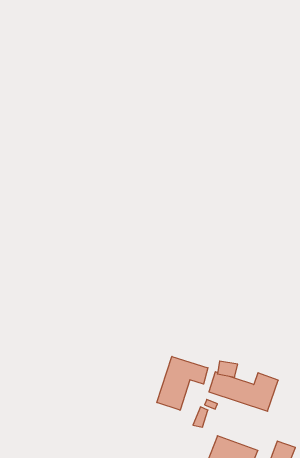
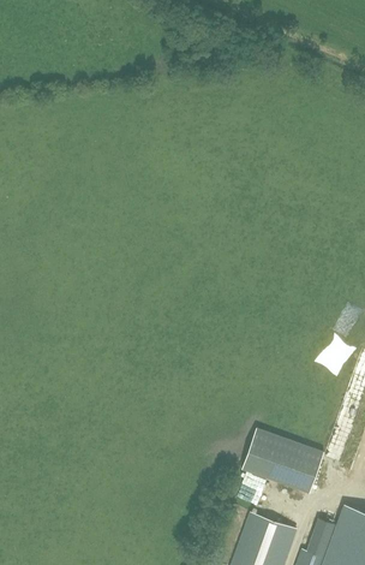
building: [157,356,208,410] -> none

